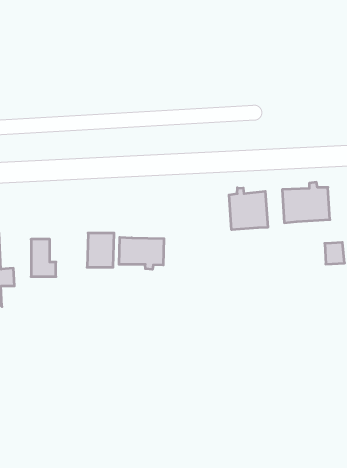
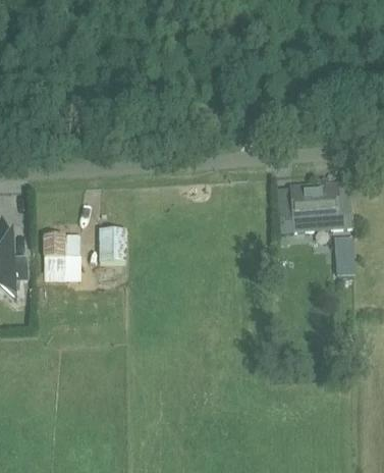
building: [229,188,268,230] -> none
building: [119,237,164,269] -> none

